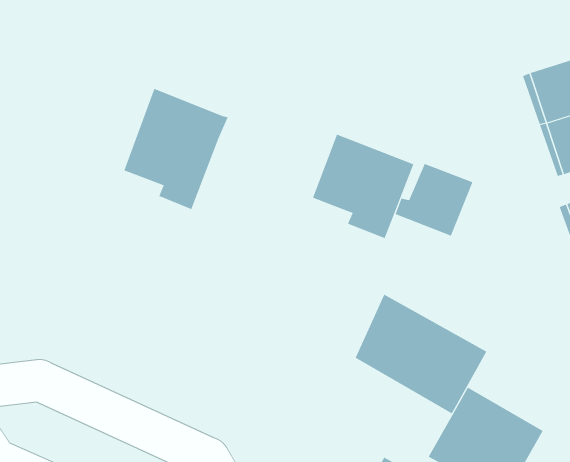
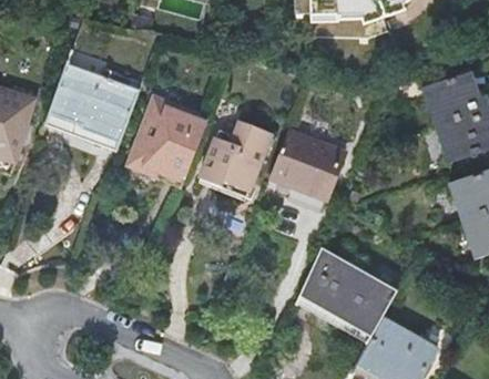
building: none -> [47,63,137,143]
building: none -> [200,133,264,197]
building: [395,163,473,237] -> none

